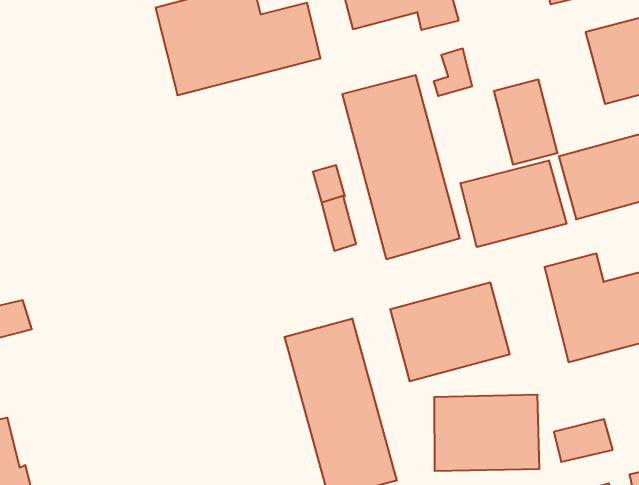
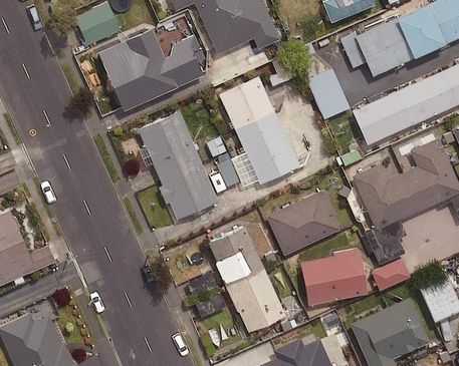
building: none -> [138,111,219,220]
building: [461,160,567,247] -> none

